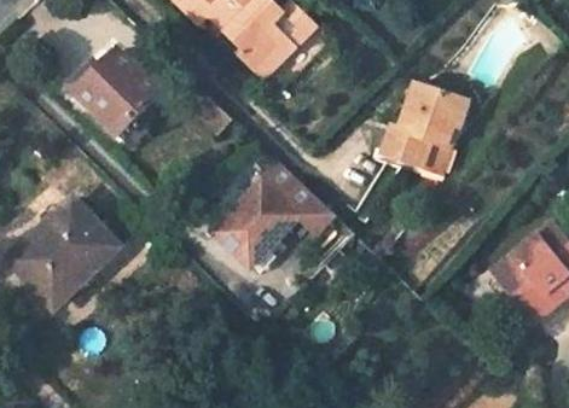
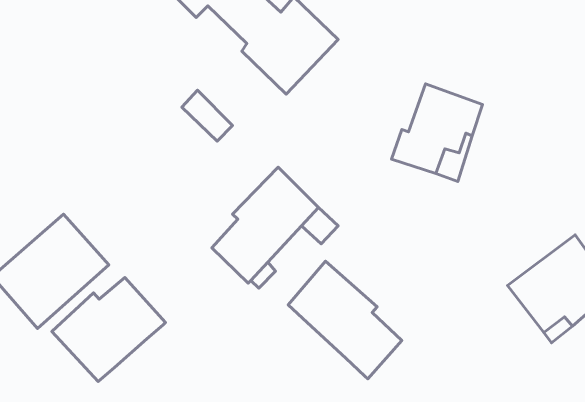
building: [70,53,163,139] -> none
building: none -> [288,261,402,379]
building: none -> [52,277,165,382]

